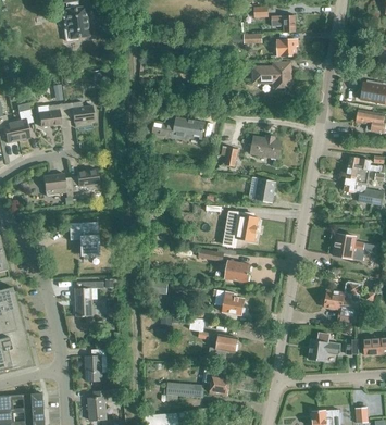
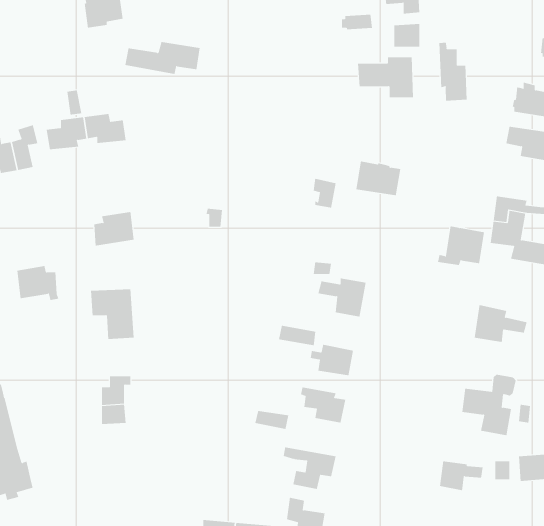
building: none -> [439,42,467,101]
building: [152,117,204,140] -> [125,41,200,75]
building: [43,173,73,197] -> [17,266,59,300]
building: [244,176,276,203] -> [437,226,485,265]
building: [86,349,105,380] -> none

